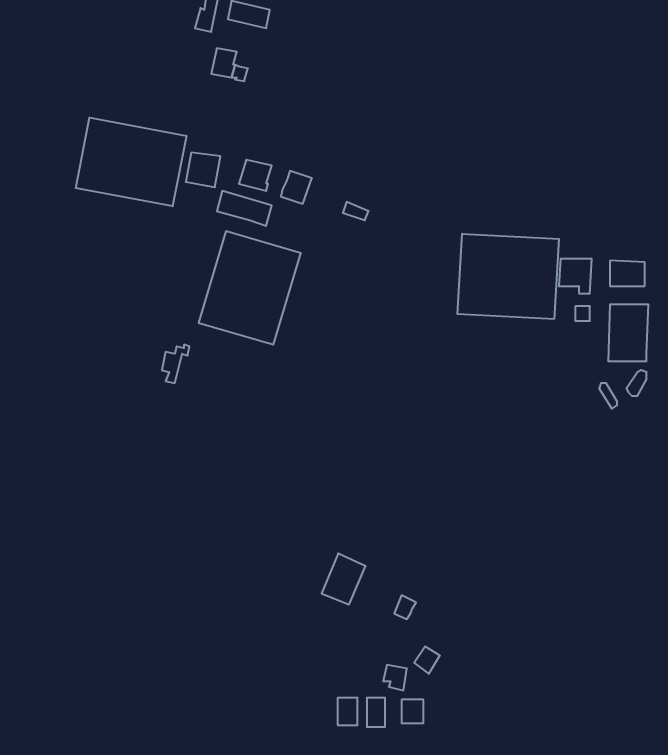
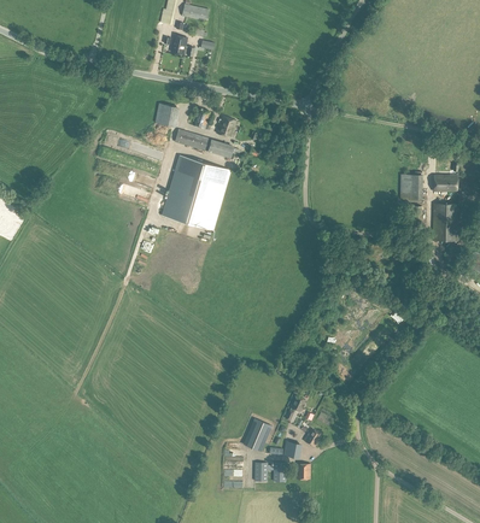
building: [76,118,186,206] -> none
building: [457,234,559,319] -> none
building: [322,553,366,605] -> [242,417,271,451]

